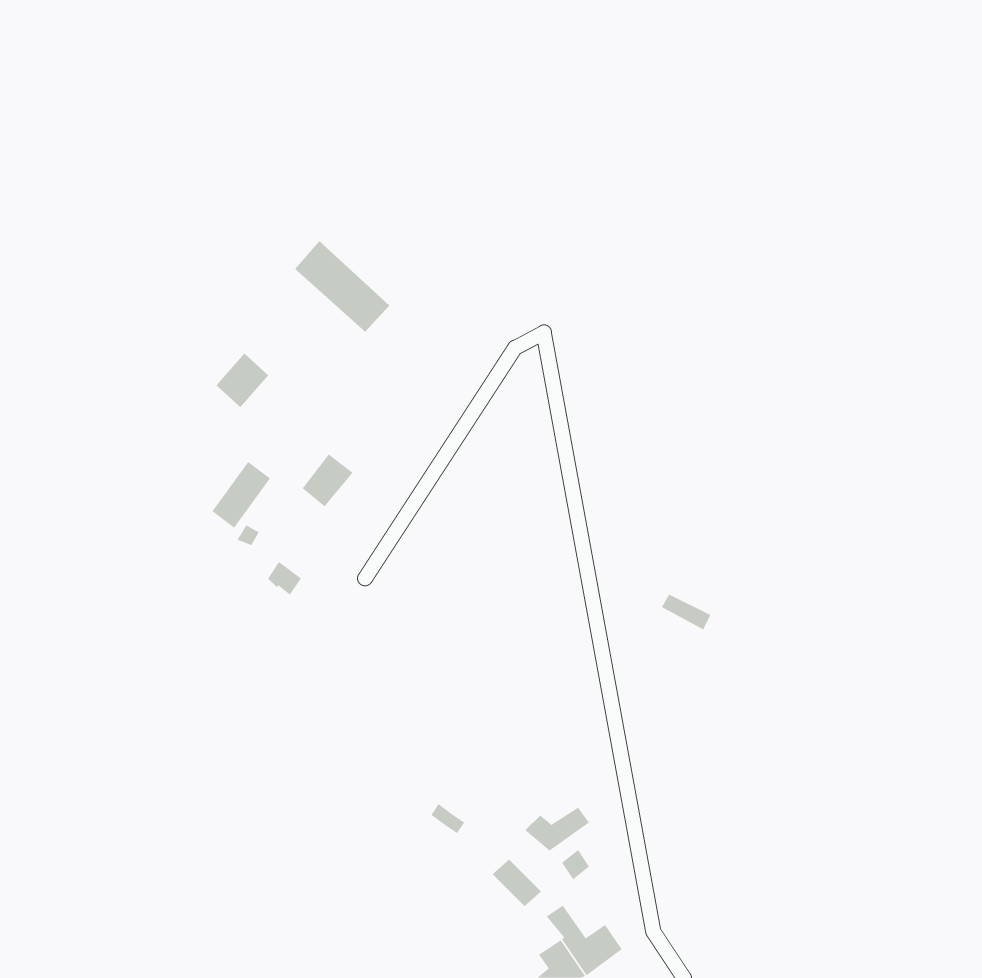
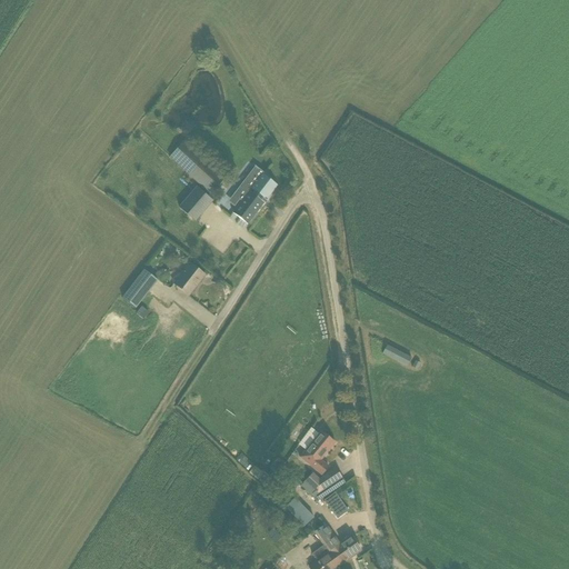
building: none -> [229,167,277,222]
building: [215,352,269,408] -> [181,188,212,220]
building: none -> [299,427,335,473]

